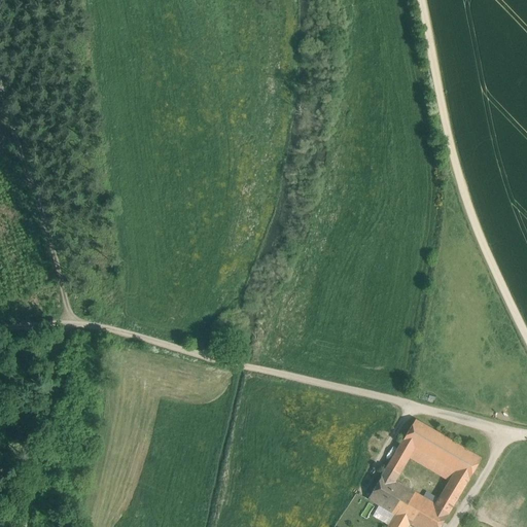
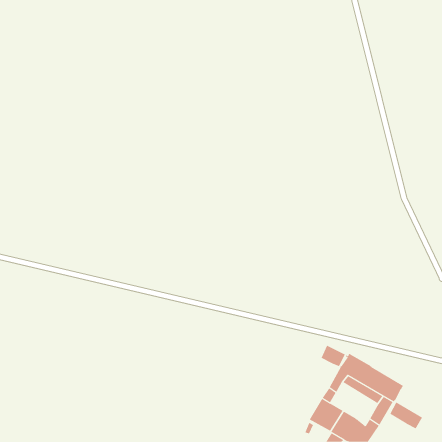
building: none -> [321,345,345,367]
building: none -> [389,401,423,429]

